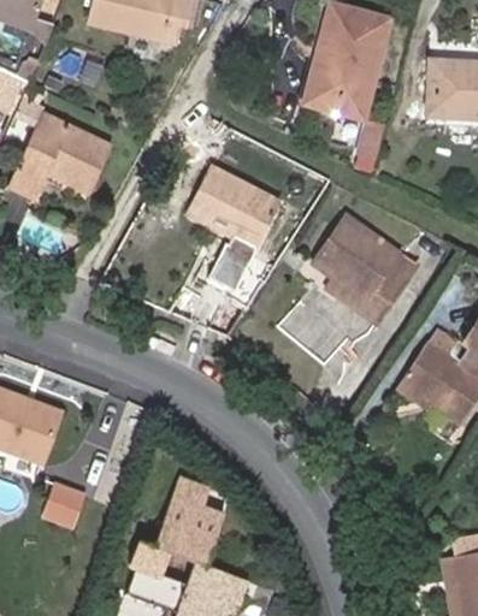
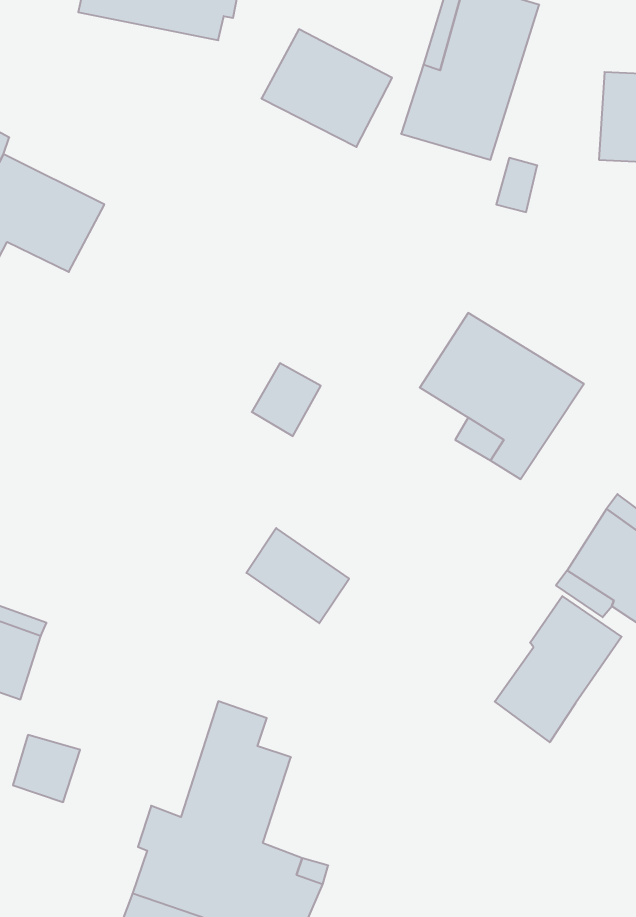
building: [194,170,278,245] -> [261,29,392,147]
building: [284,308,350,369] -> [246,528,349,623]
building: none -> [495,596,622,742]

